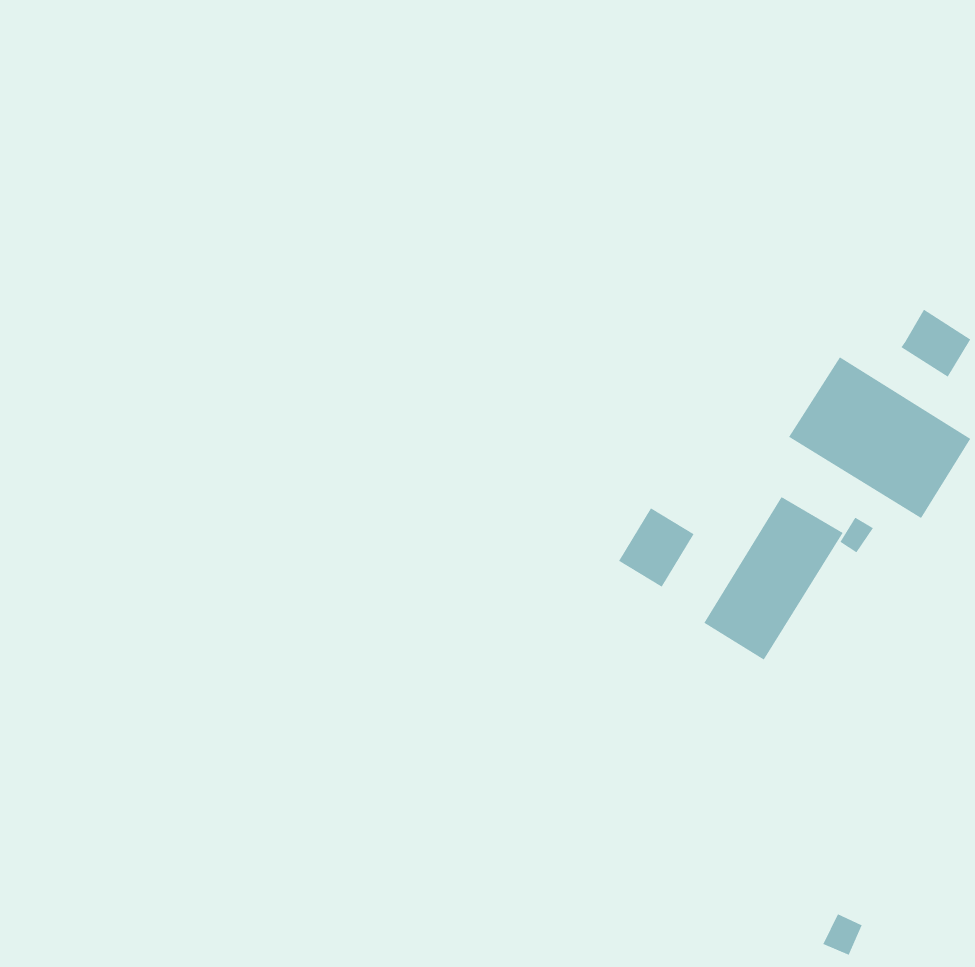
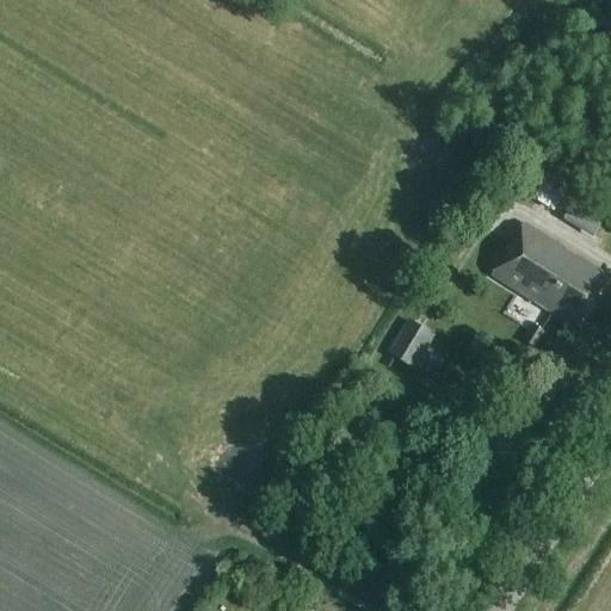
building: [703,496,843,660] -> none

